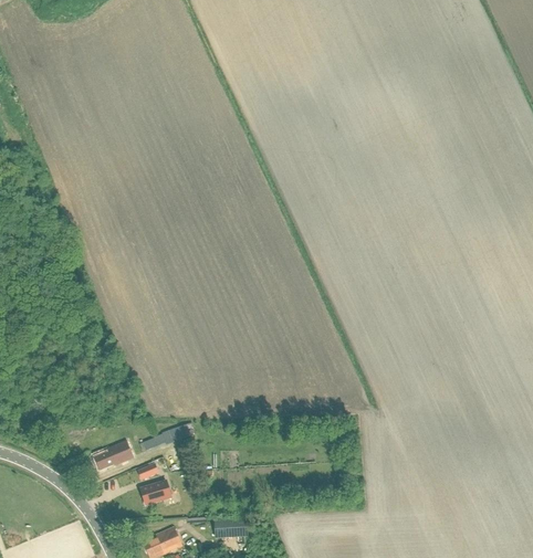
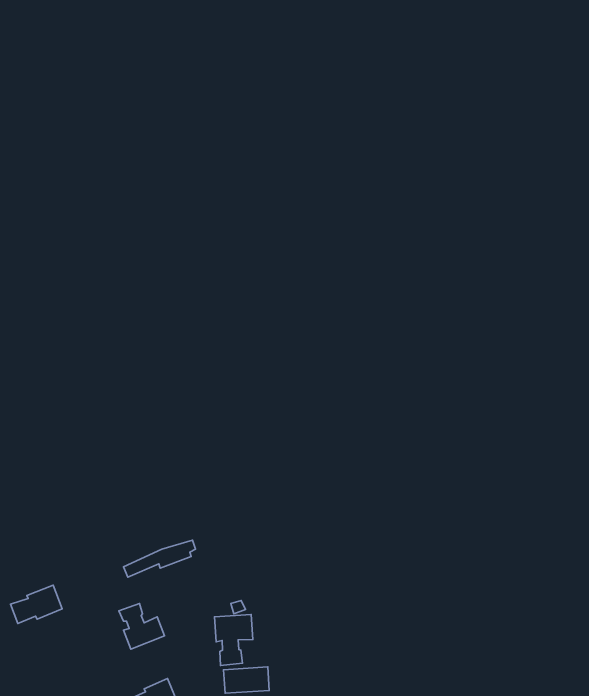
building: [95,440,134,468] -> [11,585,62,623]
building: none -> [214,615,253,665]

